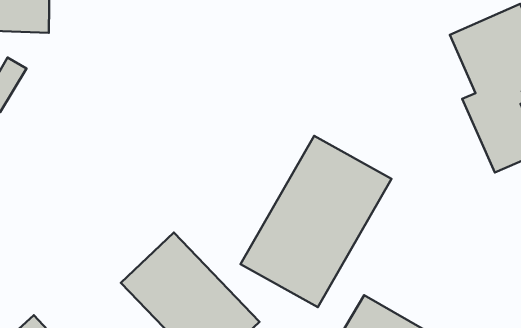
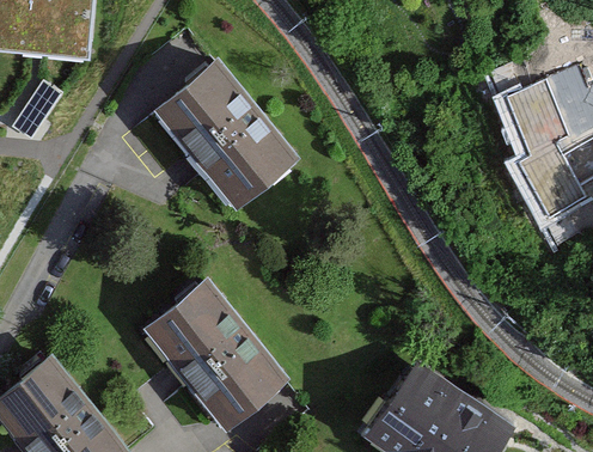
building: none -> [166,53,307,201]
building: [240,136,391,307] -> none

